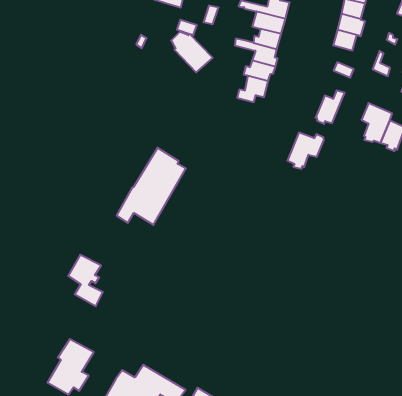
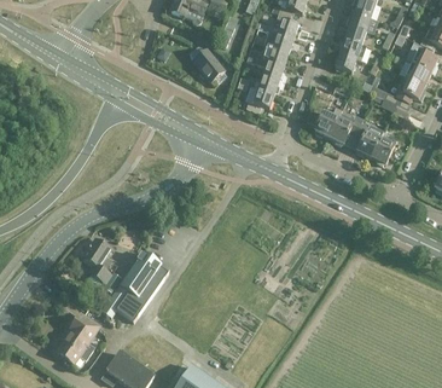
building: [287,133,324,169] -> [328,111,362,144]
building: [117,148,186,225] -> [101,250,167,319]

